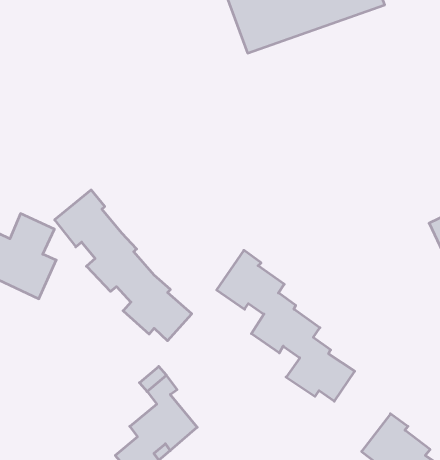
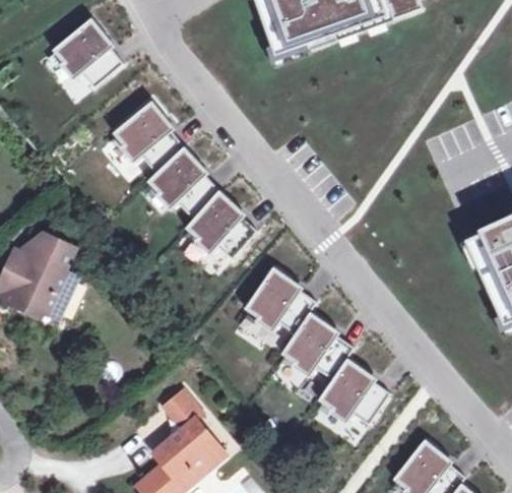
building: none -> [51,18,122,88]
building: [55,190,192,341] -> [112,101,256,259]

